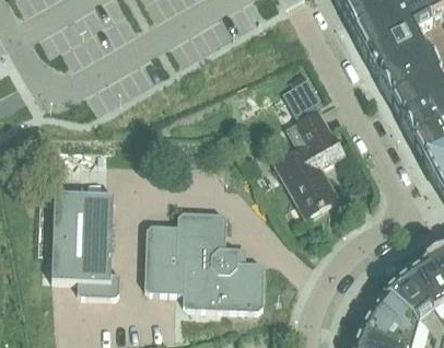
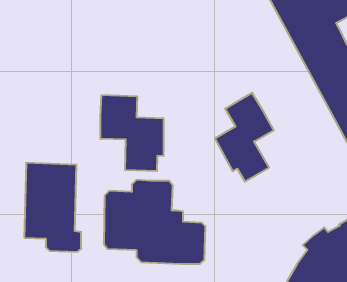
building: [285,73,322,116] -> none
building: none -> [100,95,163,171]

